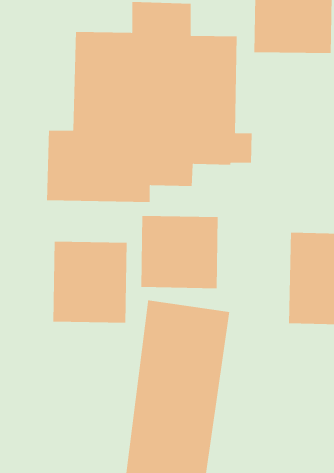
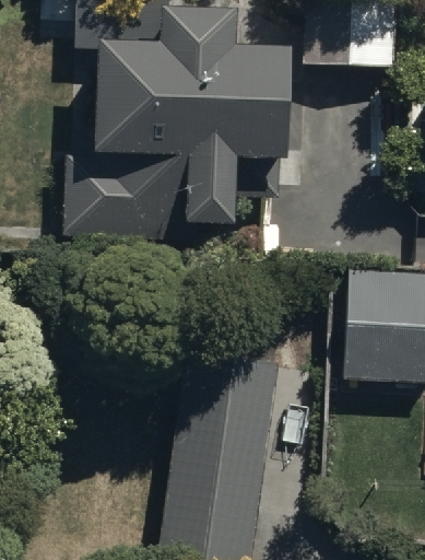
building: [141,215,219,289] -> none
building: [52,241,127,324] -> none

